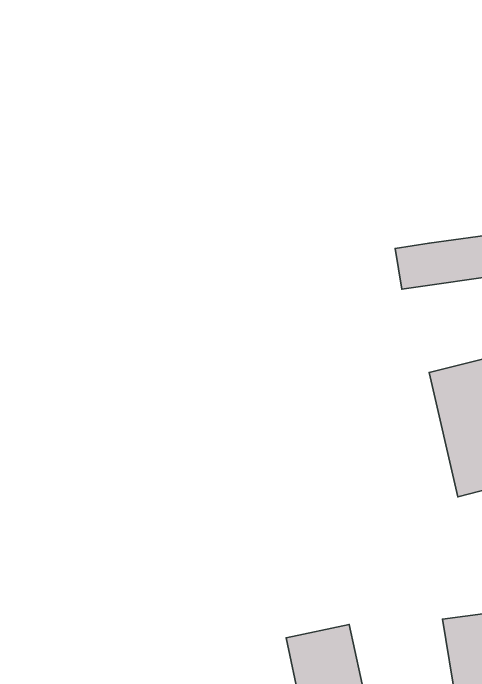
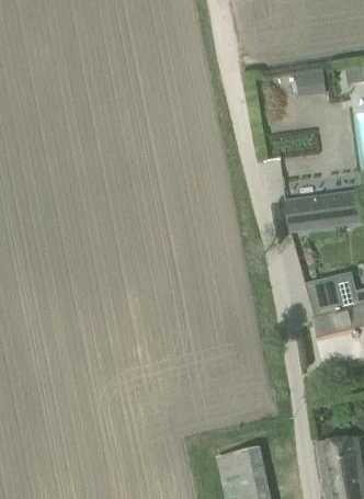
building: none -> [296,69,327,94]

